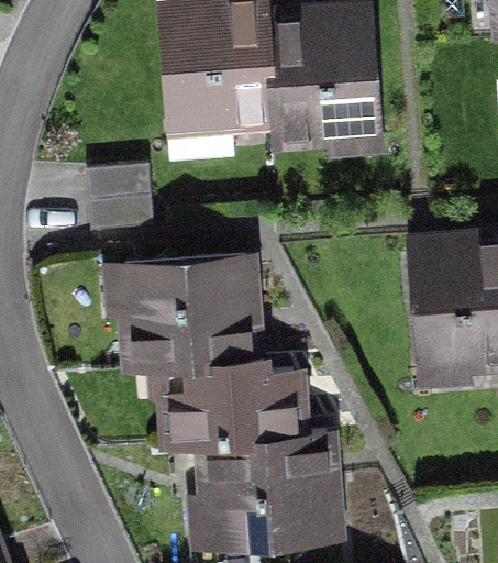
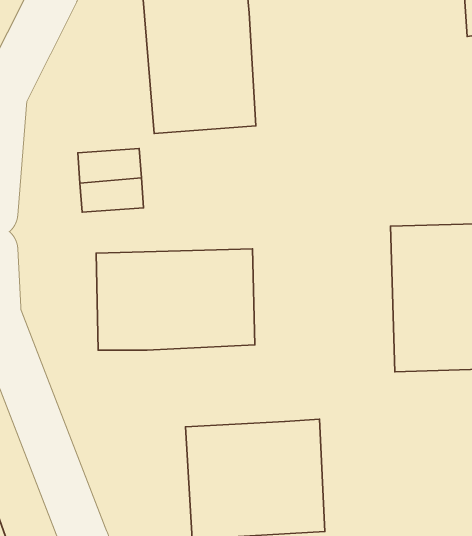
building: [264,9,375,152] -> none
building: [159,352,300,440] -> none

